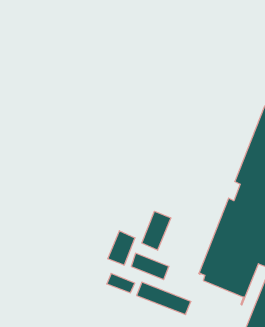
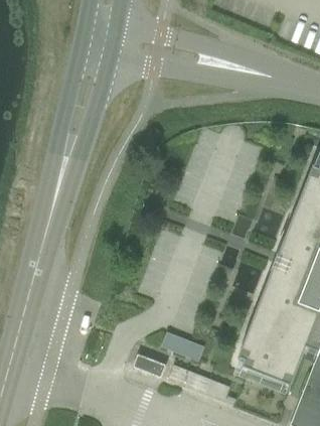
building: [142,211,171,250] -> none
building: [108,231,135,265] -> none

